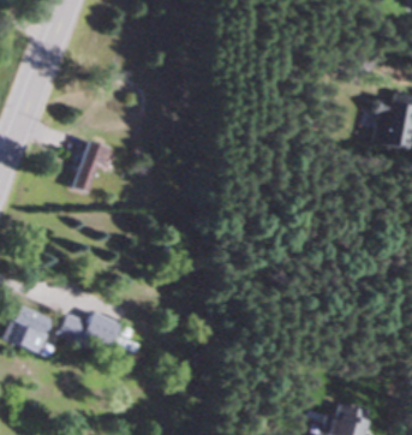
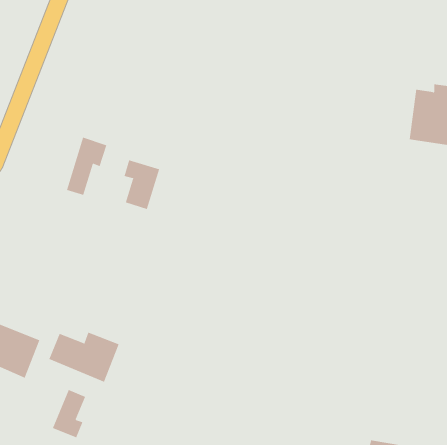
building: none -> [124,160,160,210]
building: none -> [52,389,86,438]

